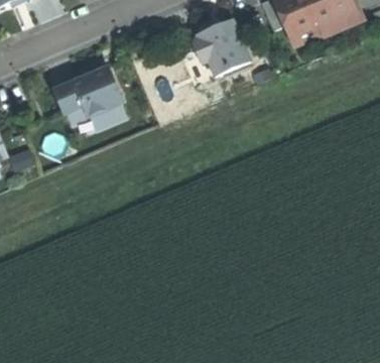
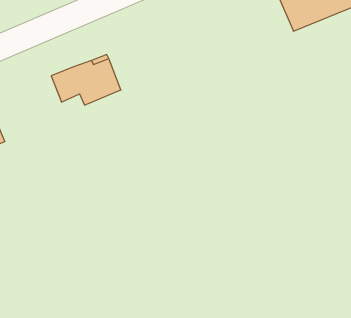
building: [192,21,249,77] -> none

